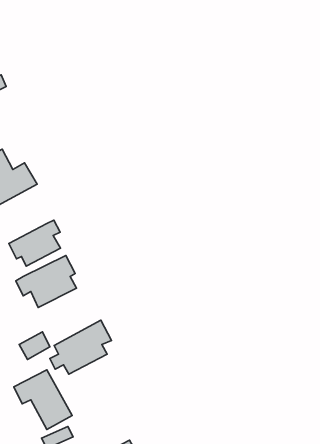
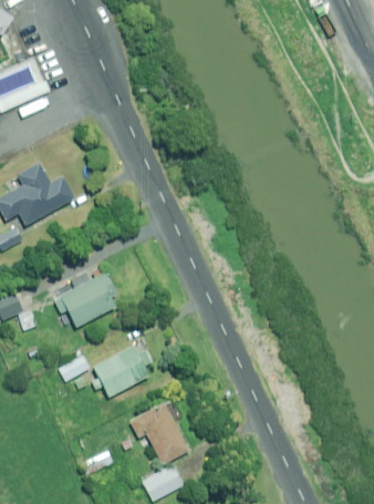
building: [9,220,60,266] -> none
building: [14,370,72,429] -> [128,402,189,464]

